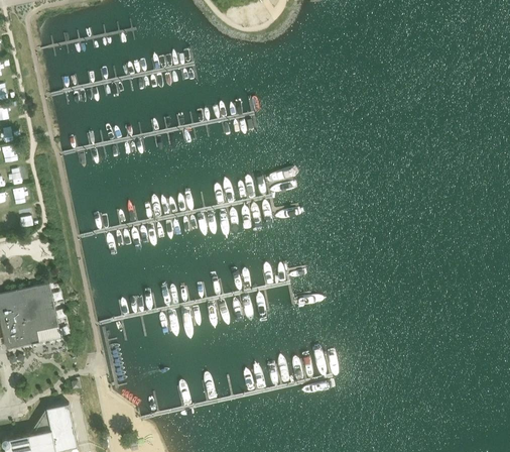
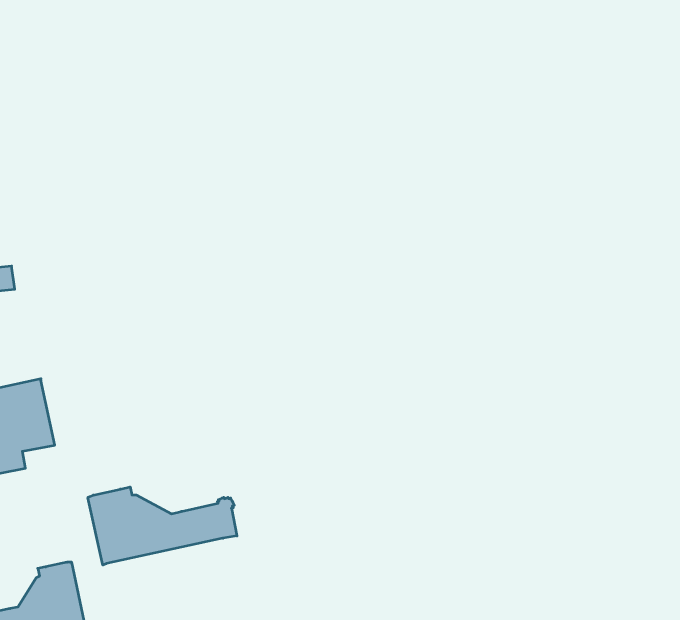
building: none -> [88,487,237,565]

